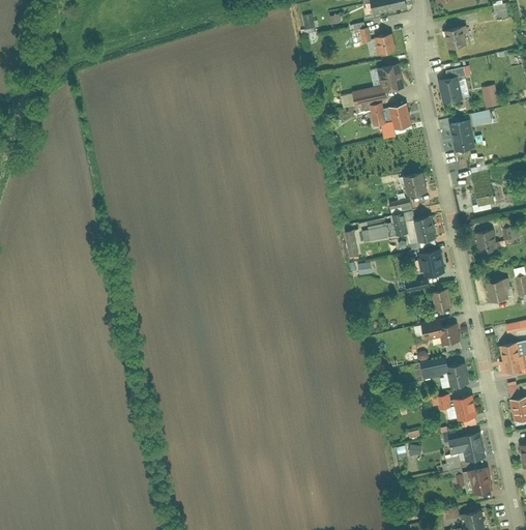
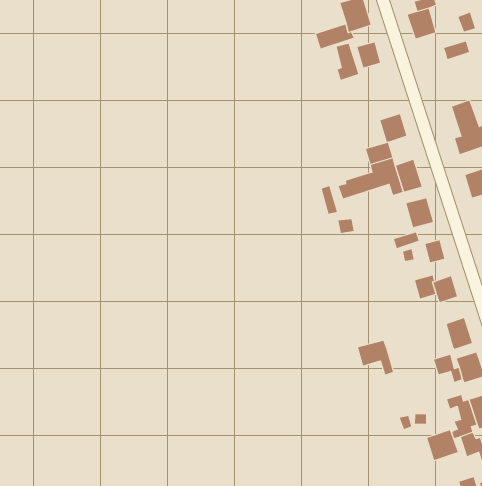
building: [450,120,475,152] -> none
building: [419,358,450,390] -> [357,340,394,375]
building: none -> [426,430,458,461]

